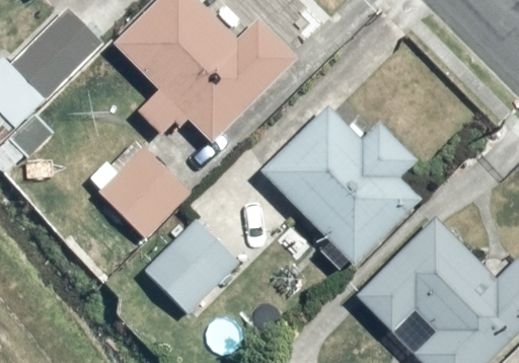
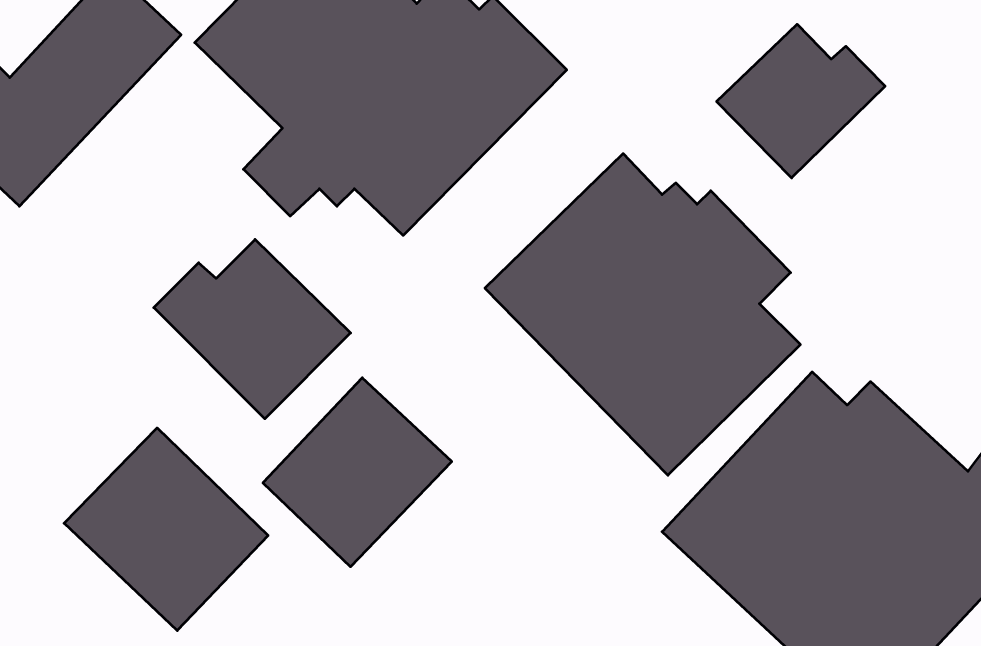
building: none -> [717,24,885,178]
building: none -> [64,428,268,631]

